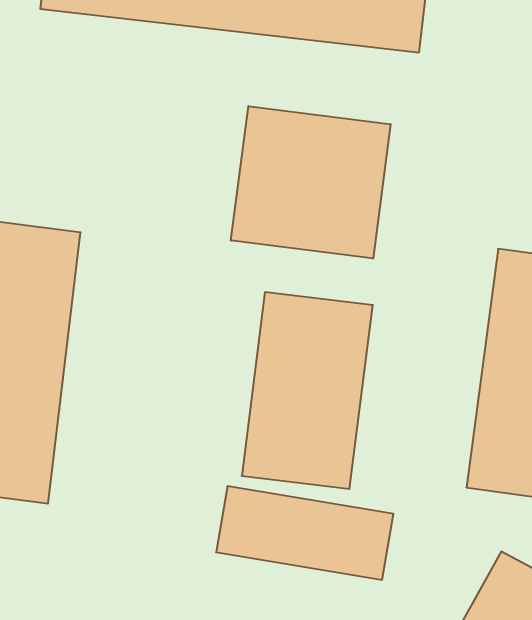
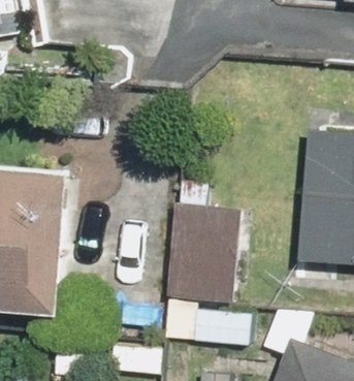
building: [231,106,391,259] -> none

